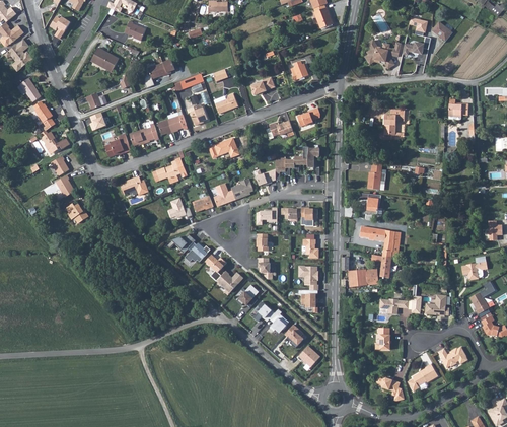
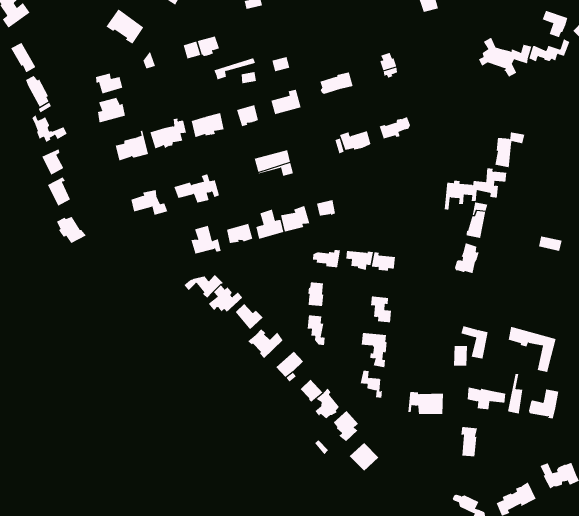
building: [276,145,319,179] -> [444,168,507,210]
building: [360,225,395,257] -> [508,326,557,373]
building: [342,269,368,286] -> [407,391,444,414]

